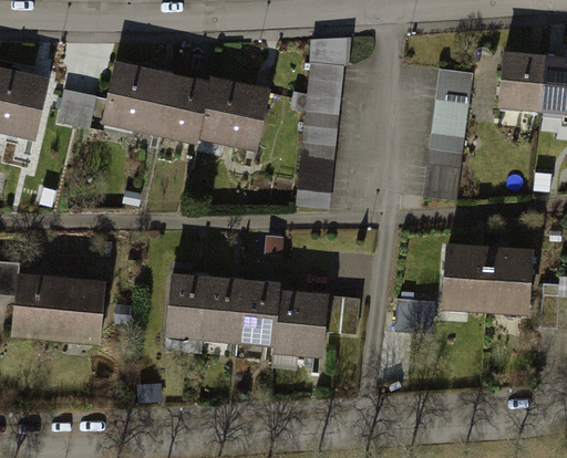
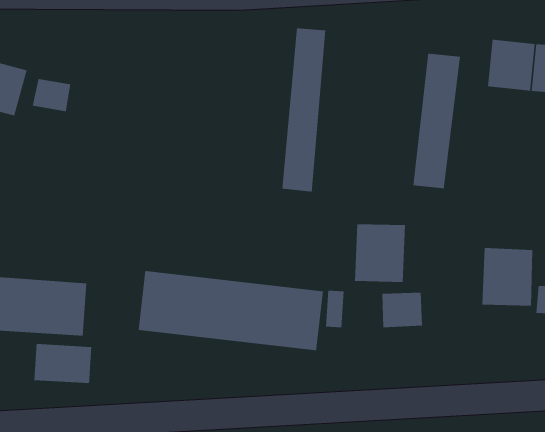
building: [101,66,276,148] -> none
building: [443,253,493,310] -> [354,224,406,282]
building: none -> [34,343,92,384]

